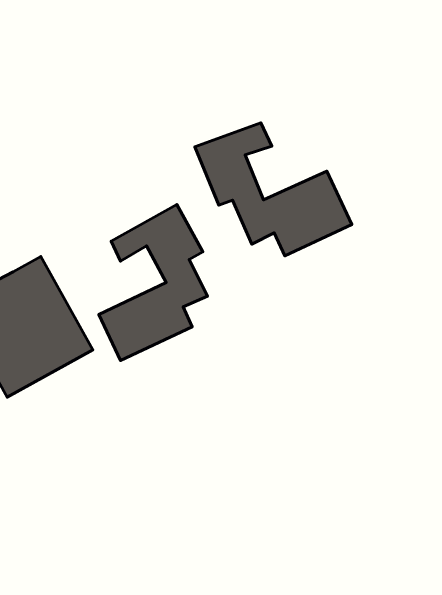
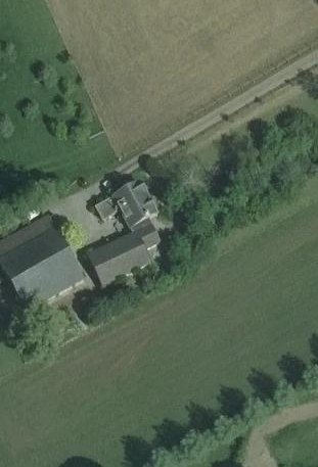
building: [195,123,352,256] -> none

